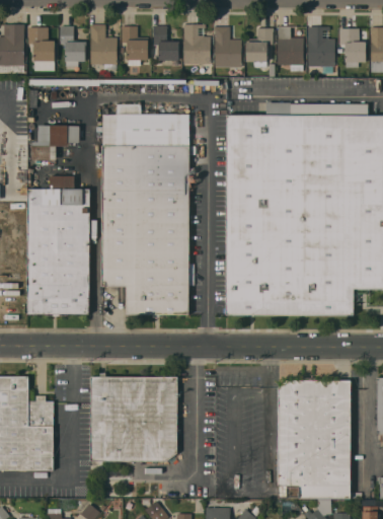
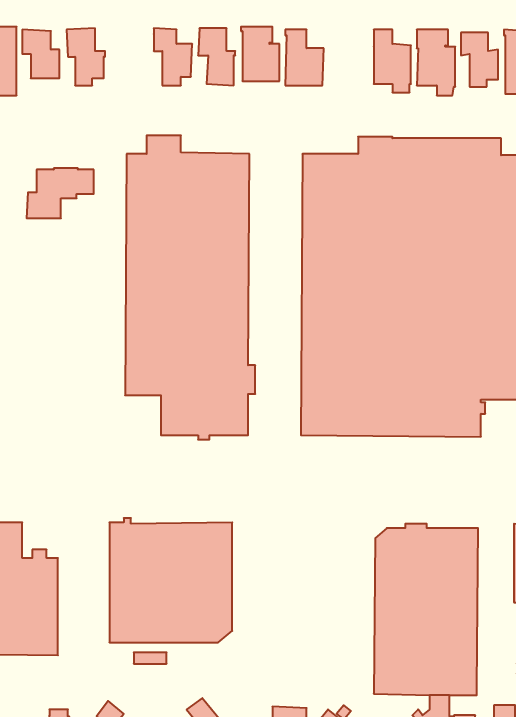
building: [89,24,117,69] -> none
building: [245,27,273,67] -> none
building: [27,175,89,315] -> none

